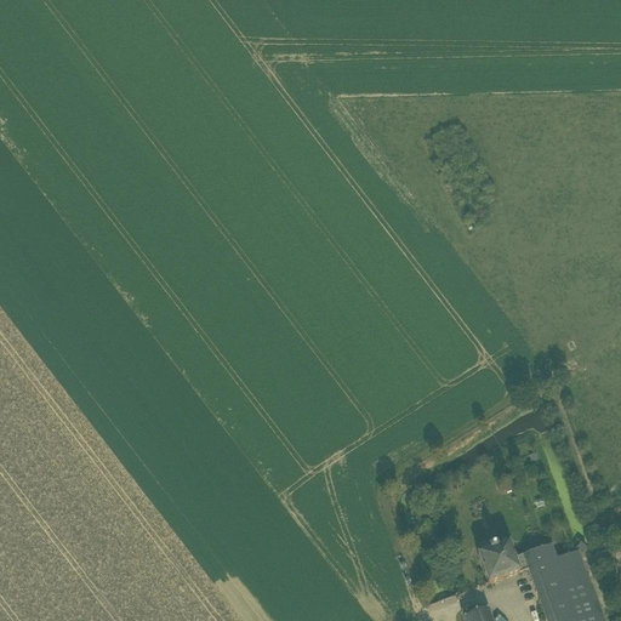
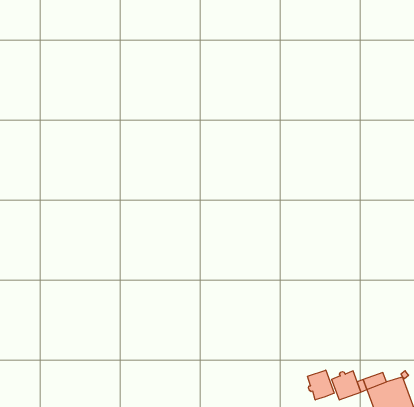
building: none -> [308,370,334,400]

